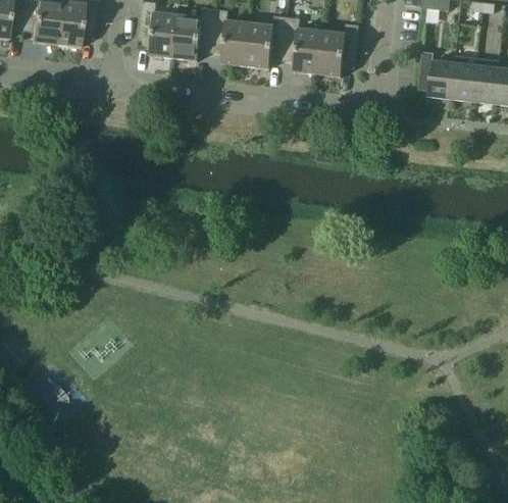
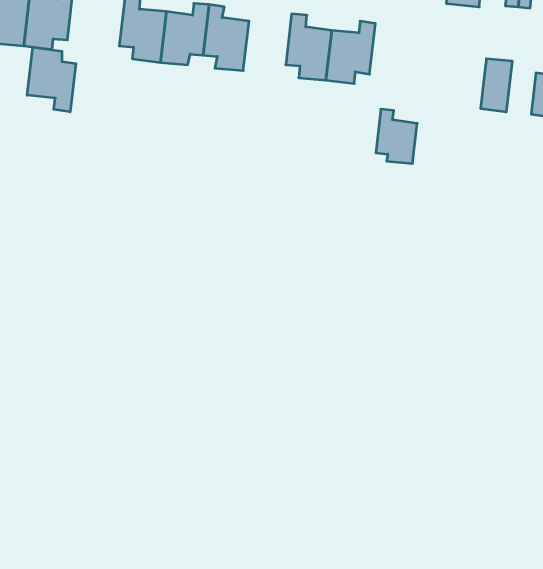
building: [245,15,287,68] -> none
building: none -> [27,47,76,112]
building: [418,51,454,98] -> [376,109,417,163]
building: [472,57,499,103] -> none

